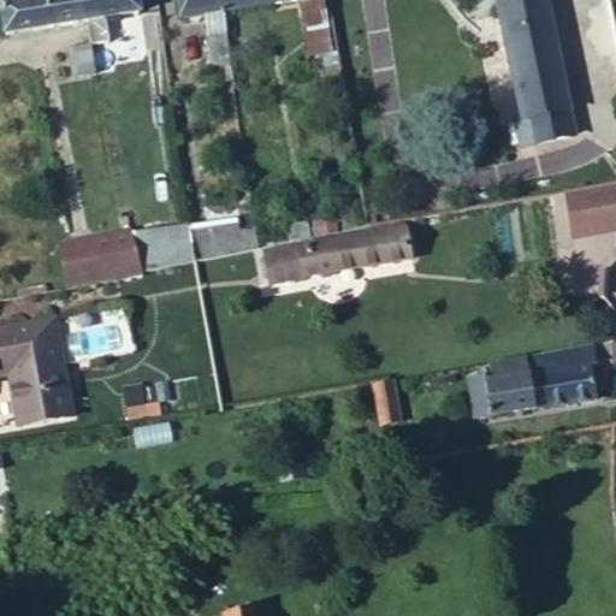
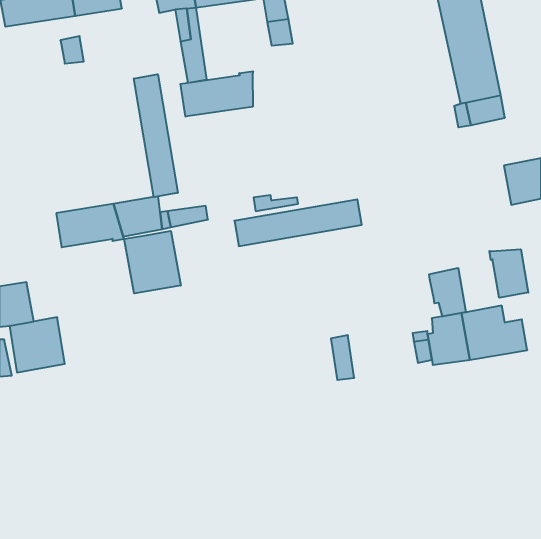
building: none -> [180,71,253,117]
building: none -> [134,74,178,197]
building: none -> [124,231,181,293]
building: none -> [489,249,528,298]
building: none -> [429,268,466,316]
building: [30,315,65,365] -> none

